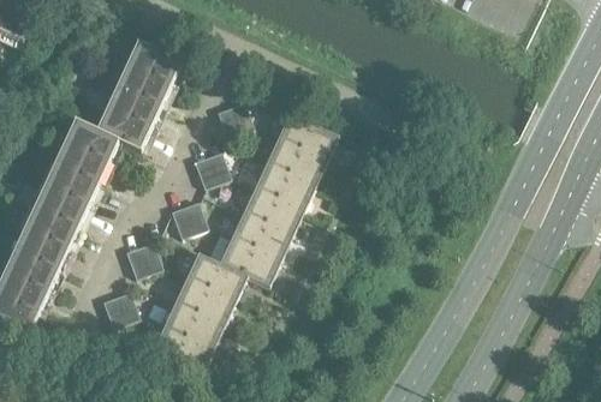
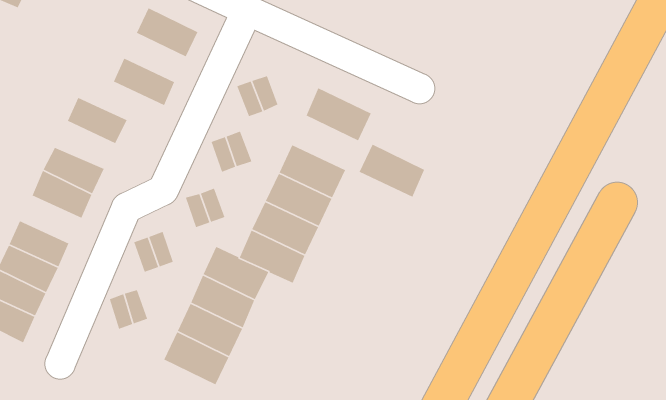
building: [115,64,171,107] -> none
building: [95,107,151,151] -> none
building: [264,137,323,185] -> [359,144,425,198]
building: [54,142,108,184] -> none
building: [23,208,78,250] -> none

